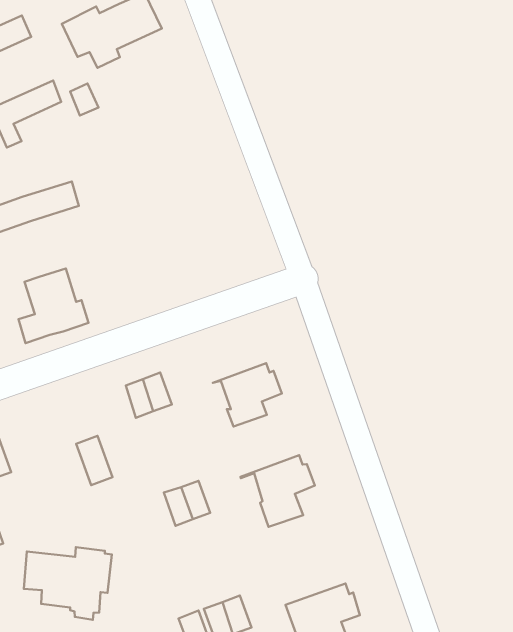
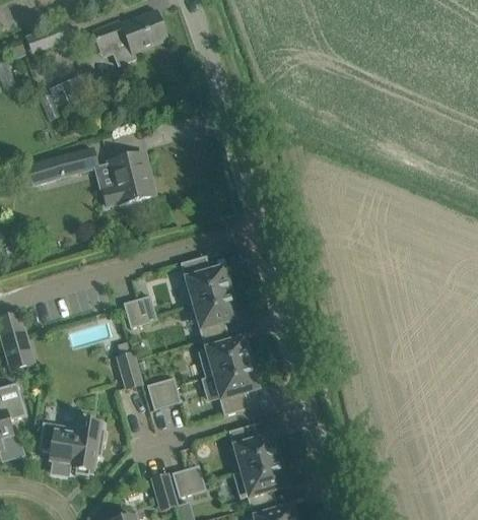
building: [19,268,89,343] -> [103,152,154,206]
building: none -> [180,255,230,305]
building: none -> [198,331,251,376]
building: [76,436,112,485] -> [117,351,142,388]
building: none -> [228,422,278,473]

